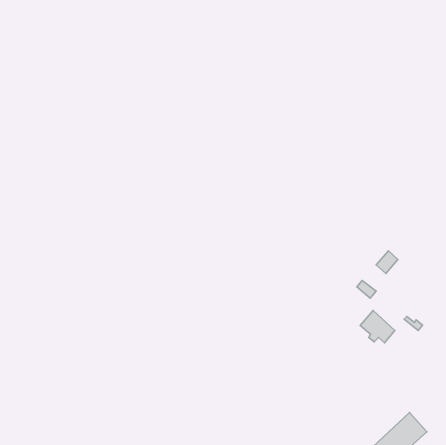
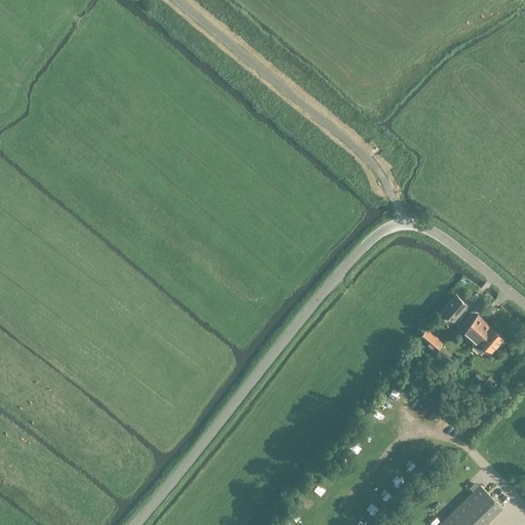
building: [360,310,395,343] -> [462,316,503,354]

